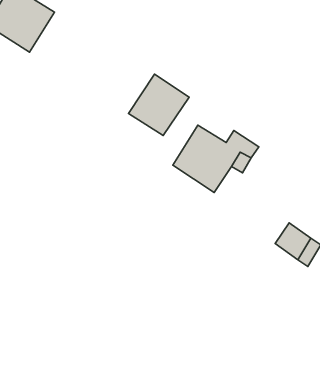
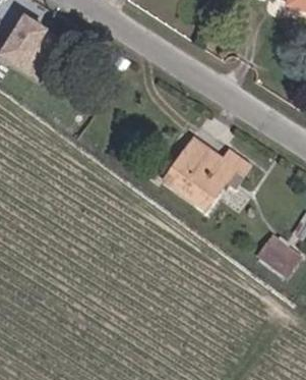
building: [128,74,189,136] -> none

